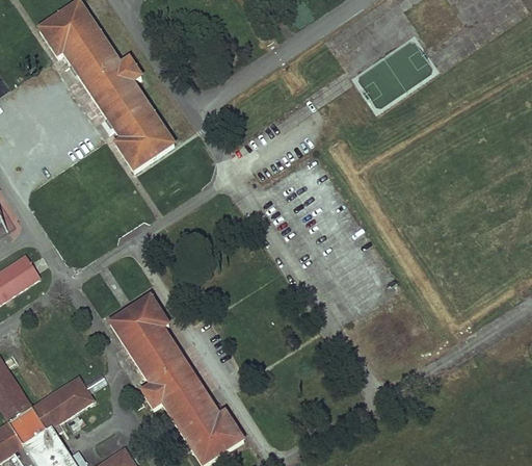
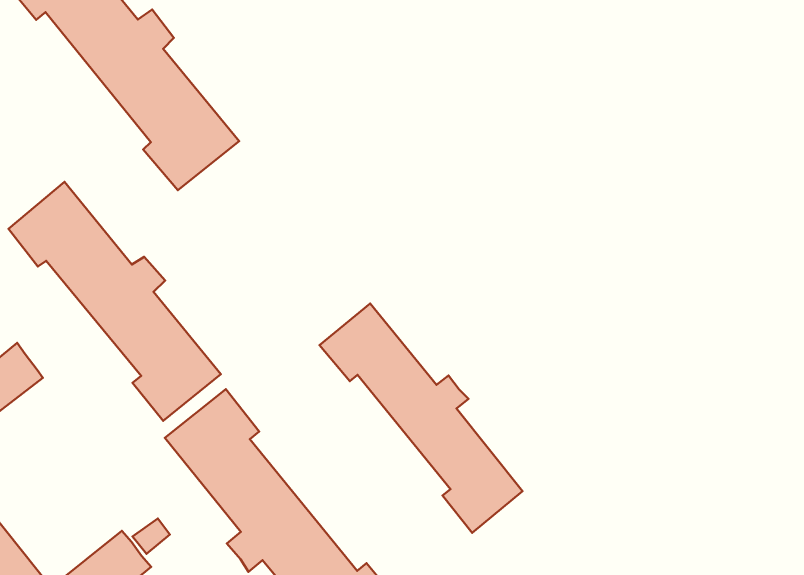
building: none -> [9,182,221,421]
building: none -> [320,303,523,533]

